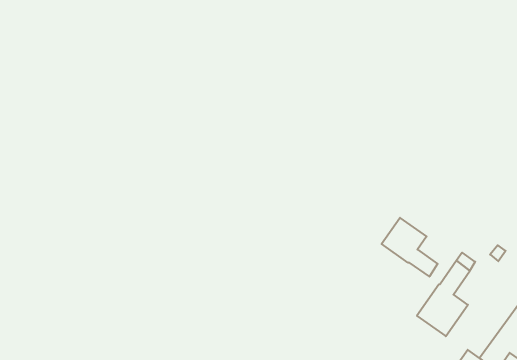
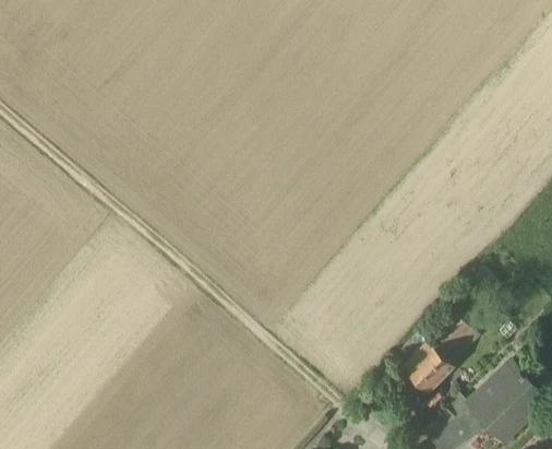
building: [382,218,438,277] -> none

